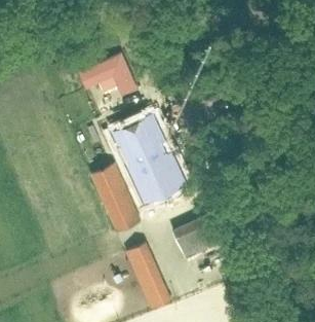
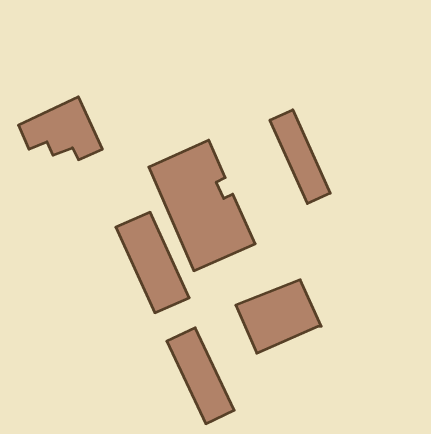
building: [79,52,136,96] -> [18,97,102,160]
building: none -> [270,110,330,204]

